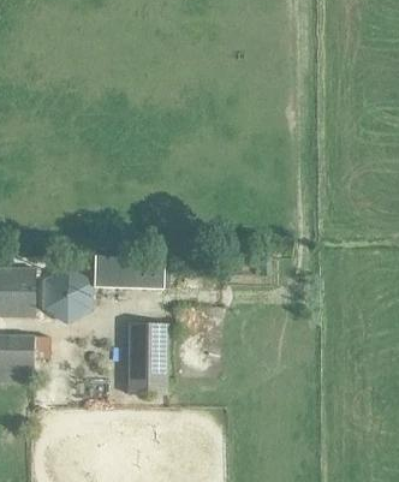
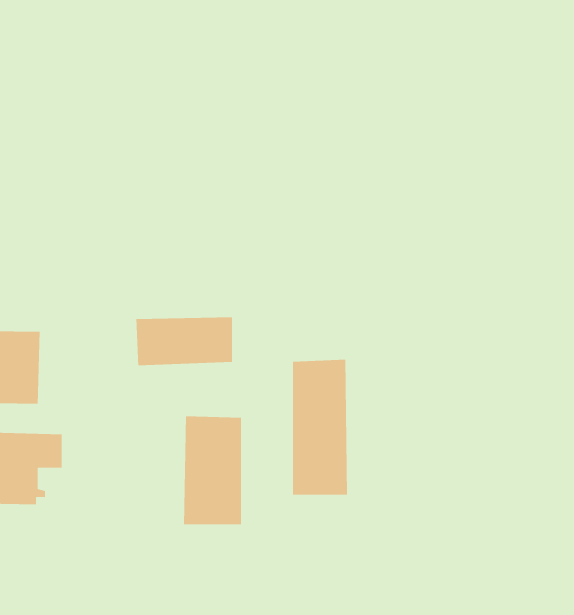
building: [43,268,93,314] -> none
building: none -> [292,359,348,496]

